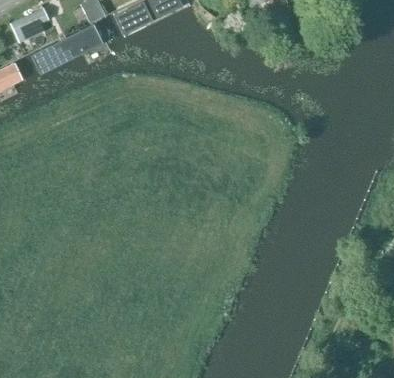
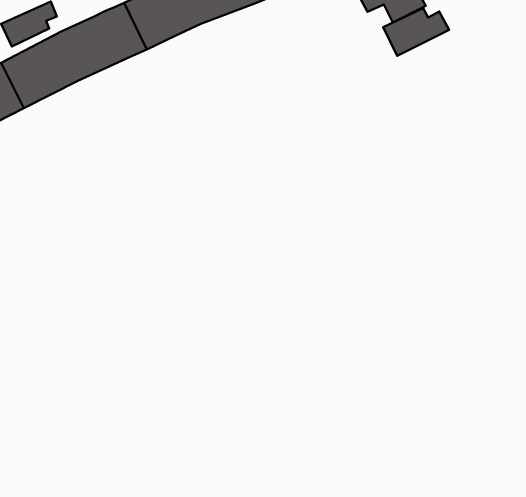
building: none -> [383,8,449,56]

